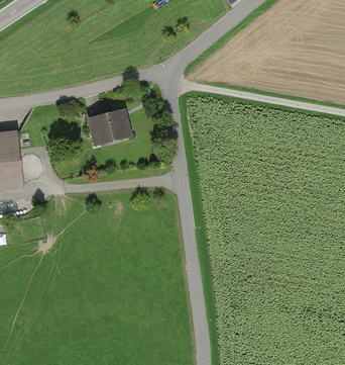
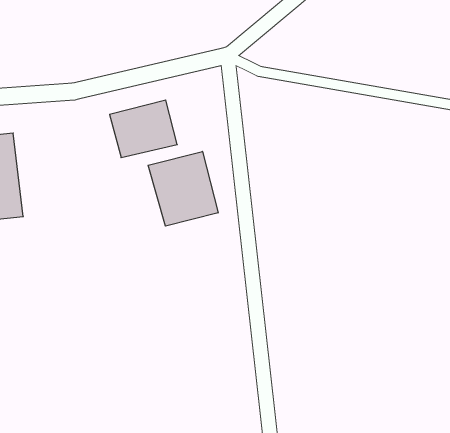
building: none -> [148,151,218,226]

